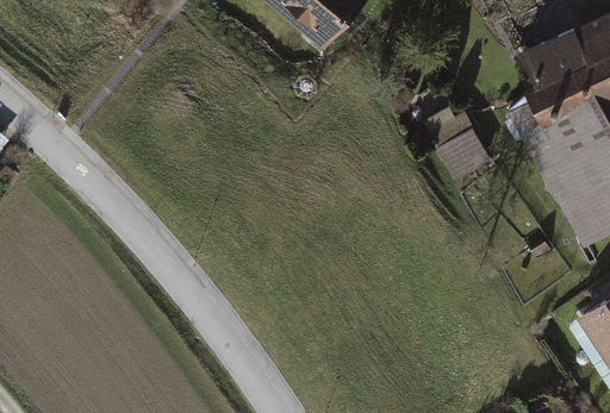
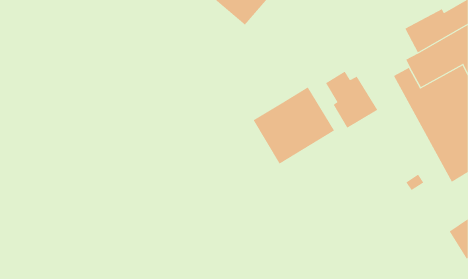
building: none -> [253,86,335,164]

